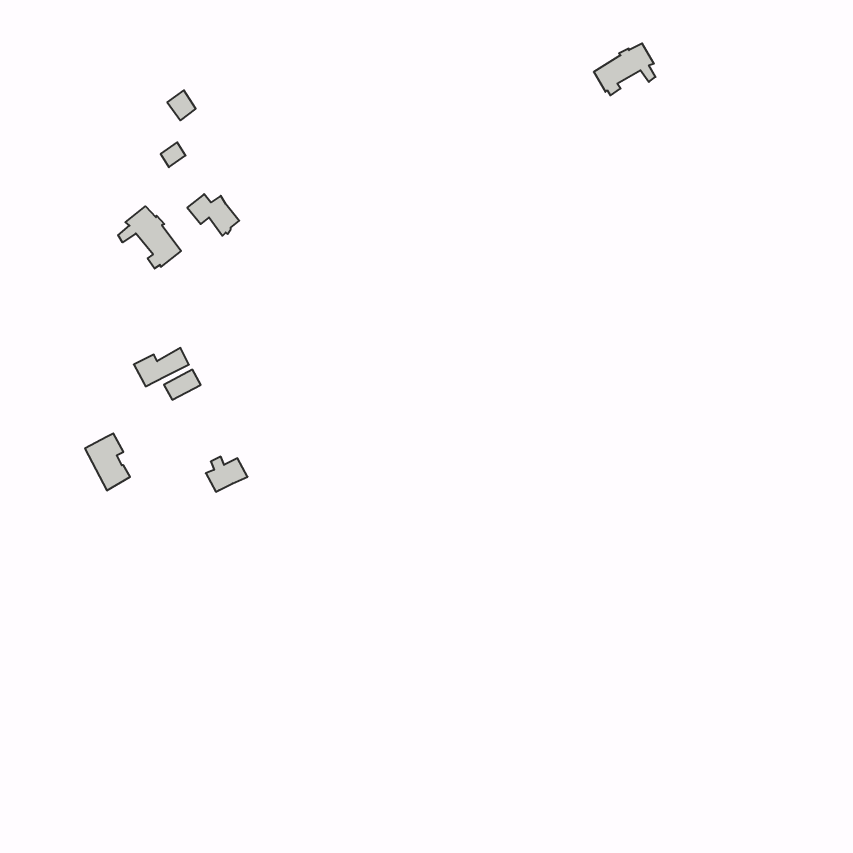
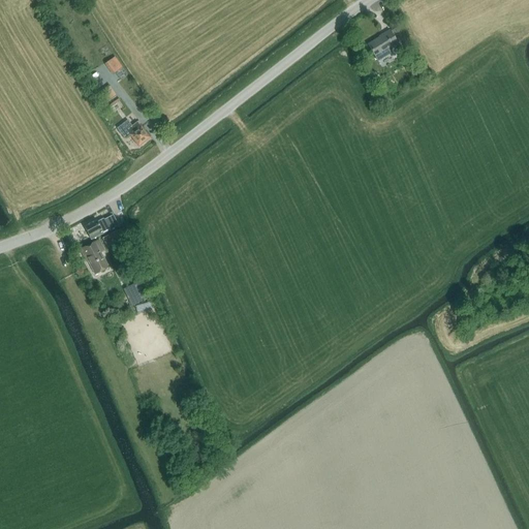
building: [118,206,181,269] -> none
building: [85,433,130,490] -> [81,239,108,274]

